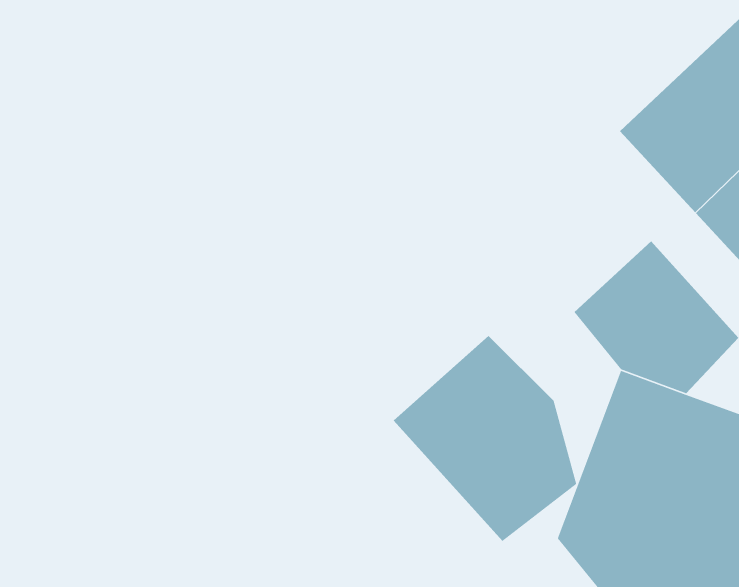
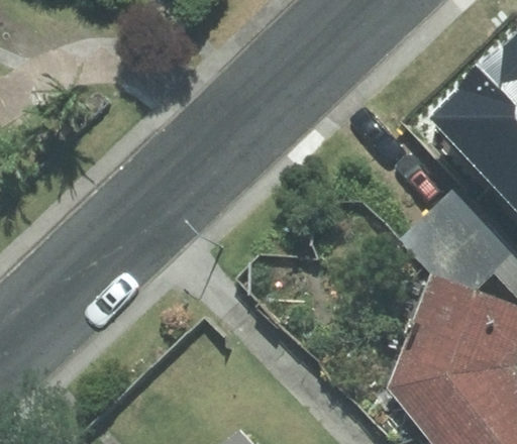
building: [393,335,577,542] -> none

